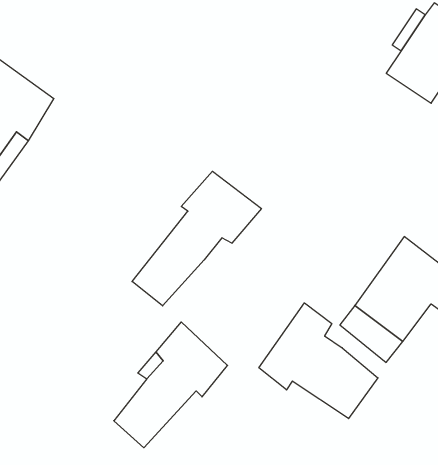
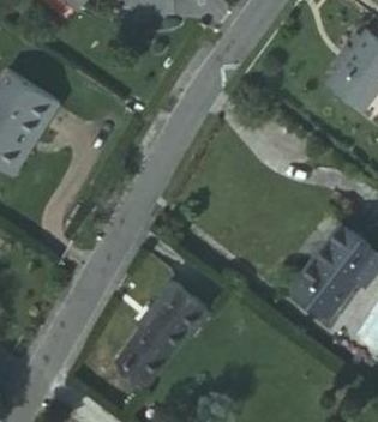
building: [132,171,261,306] -> none
building: [259,303,378,419] -> none

